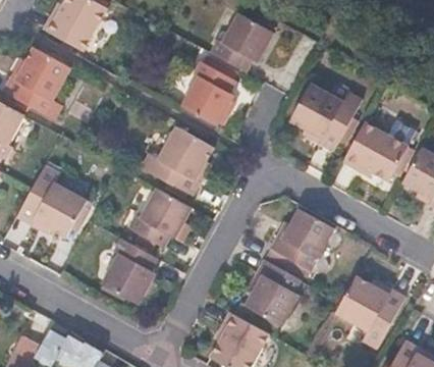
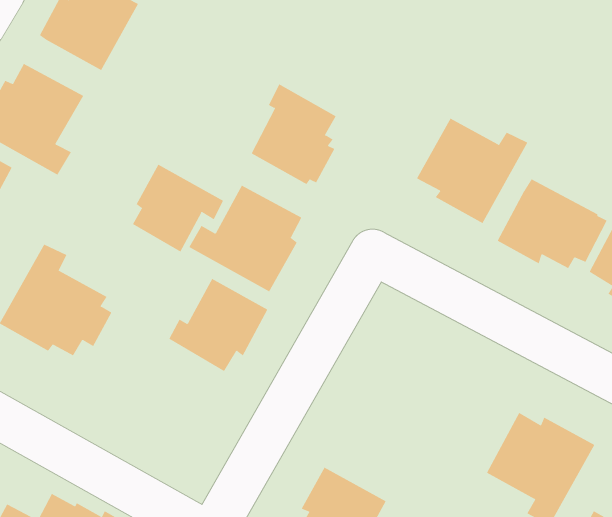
building: [210,12,275,72] -> none
building: none -> [132,164,224,252]
building: [269,208,335,270] -> none
building: [101,237,159,304] -> none
building: [245,258,303,325] -> none

